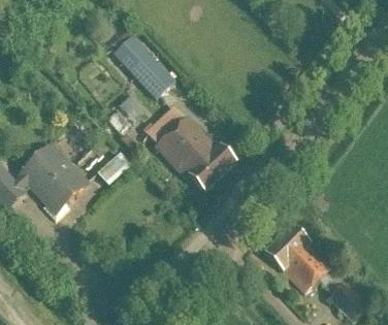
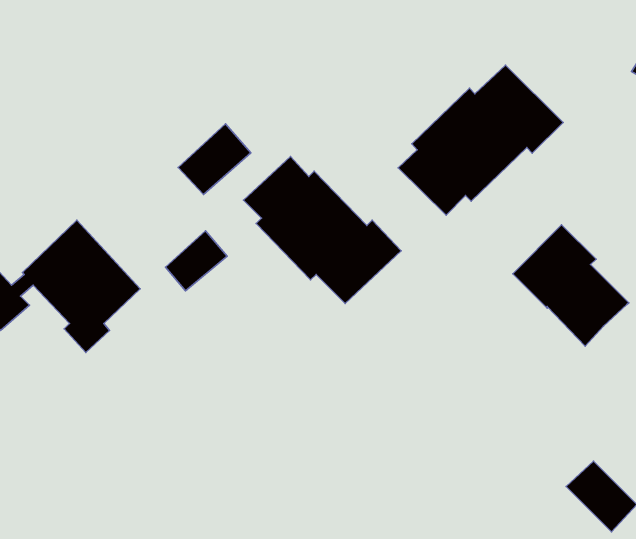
building: [111,31,175,96] -> none
building: none -> [398,65,563,215]
building: [263,221,329,290] -> [513,225,629,346]

